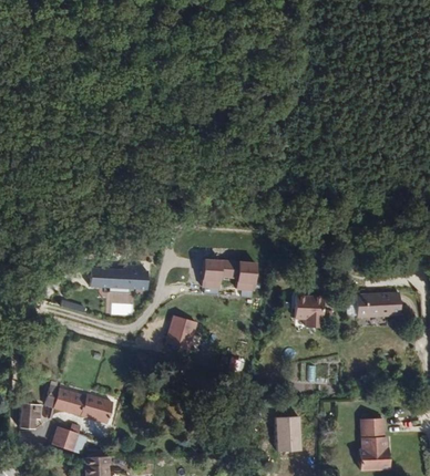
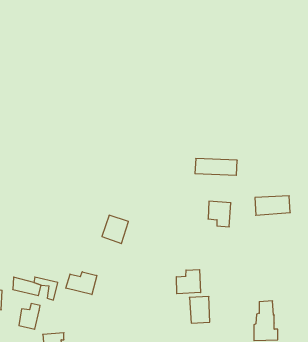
building: [88,267,145,287] -> none
building: [199,268,253,289] -> [195,159,237,175]
building: none -> [176,270,201,294]
building: none -> [66,272,97,295]

